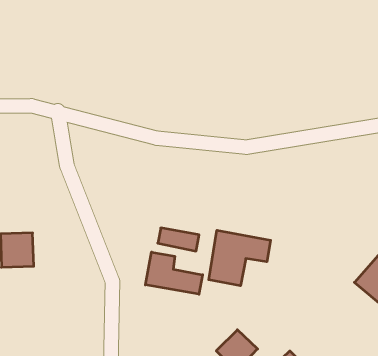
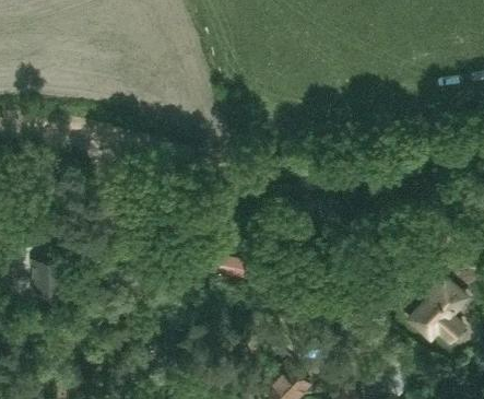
building: [209,230,271,286] -> none
building: [145,252,203,294] -> none

